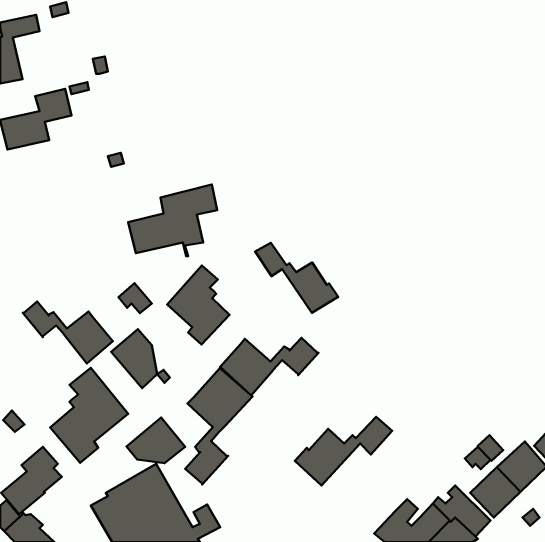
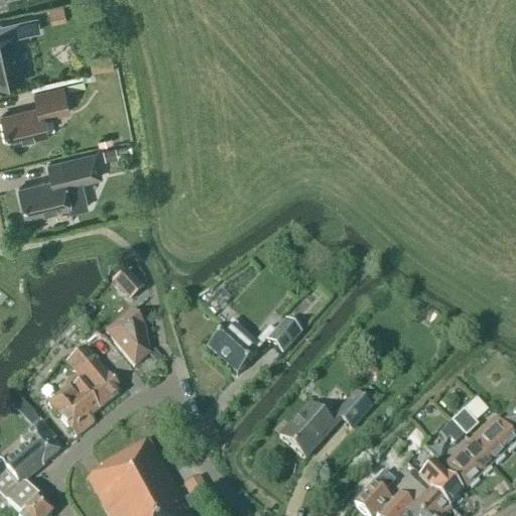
building: [128,185,217,256] -> [18,150,102,218]
building: [255,243,338,313] -> none
building: [167,266,229,345] -> none
building: [23,301,113,363] -> none
building: [185,368,252,485] -> none
building: [127,418,185,463] -> none

